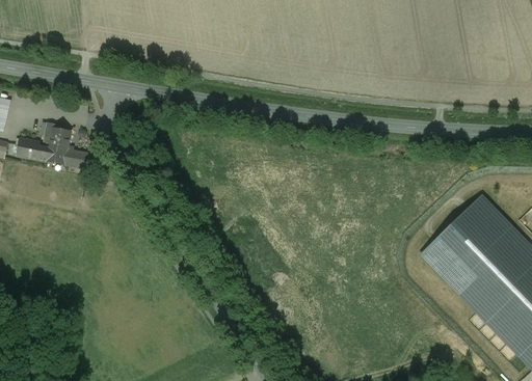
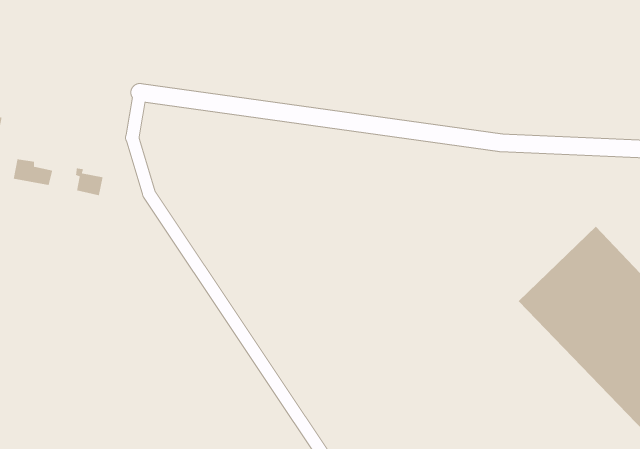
building: [44,121,71,164] -> none

